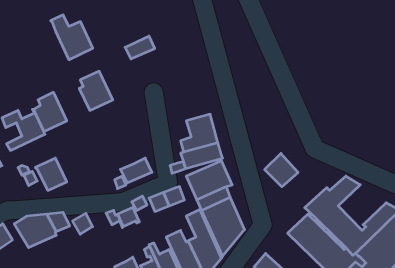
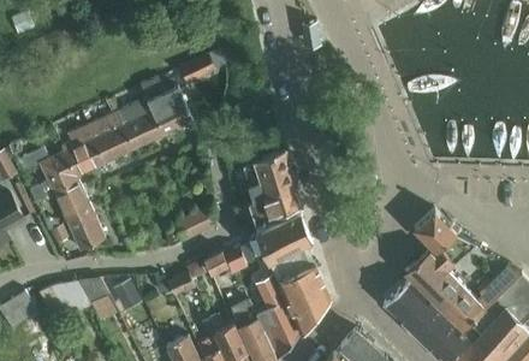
building: [51,15,93,60] -> [141,78,194,135]
building: none -> [90,114,135,161]
building: none -> [35,178,91,220]
building: [265,153,298,187] -> [415,207,457,249]

